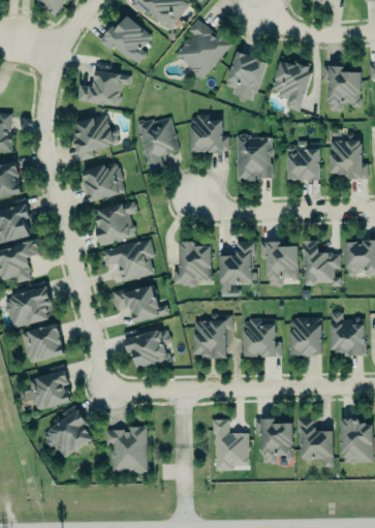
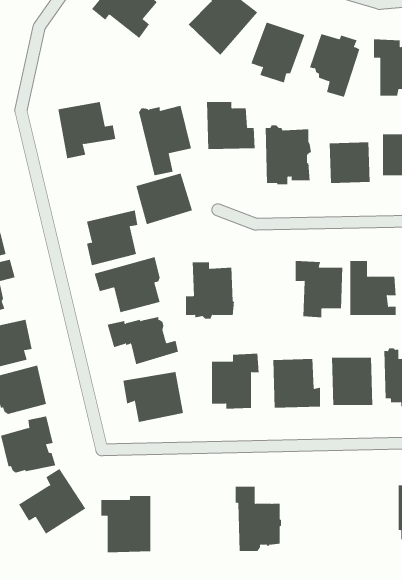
building: [76,64,131,106] -> none
building: [81,161,126,203] -> [136,173,193,225]
building: [220,241,255,291] -> none
building: [299,417,334,467] -> none
building: [261,418,293,464] -> none

